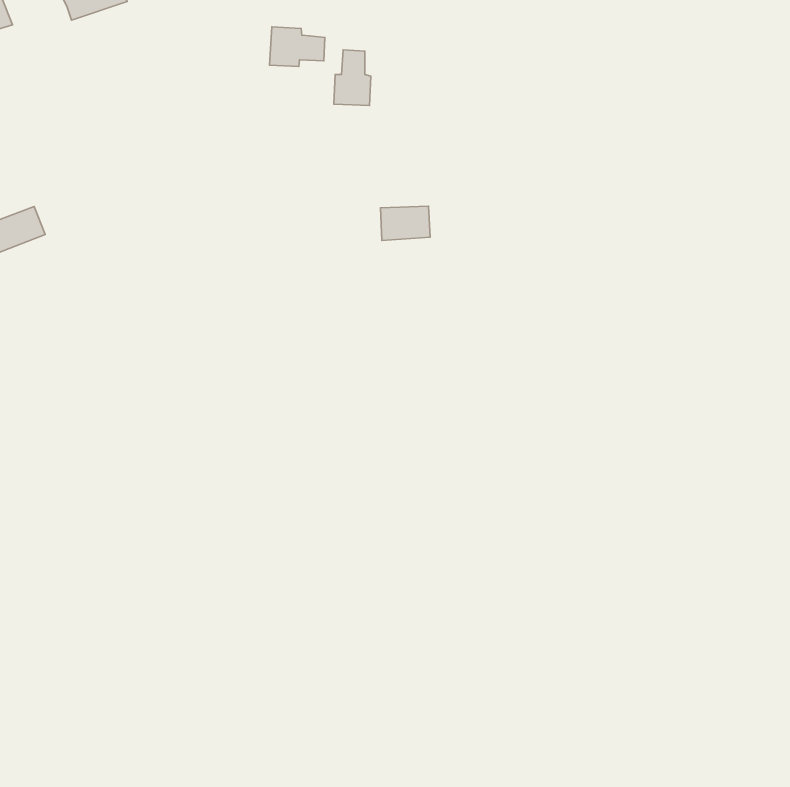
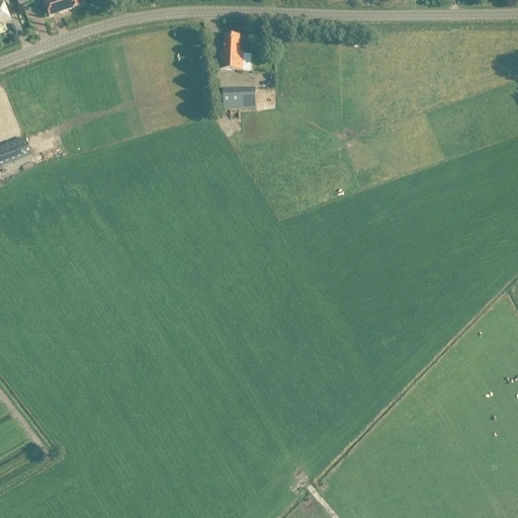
building: [270,27,325,67] -> none
building: [380,206,430,240] -> [222,85,254,107]

